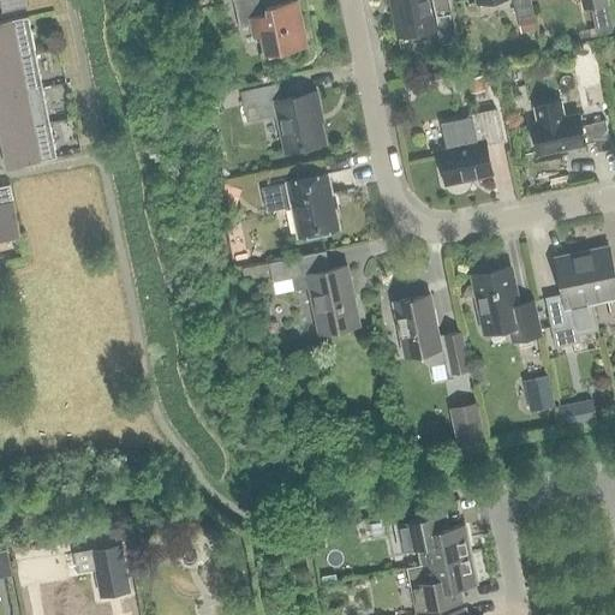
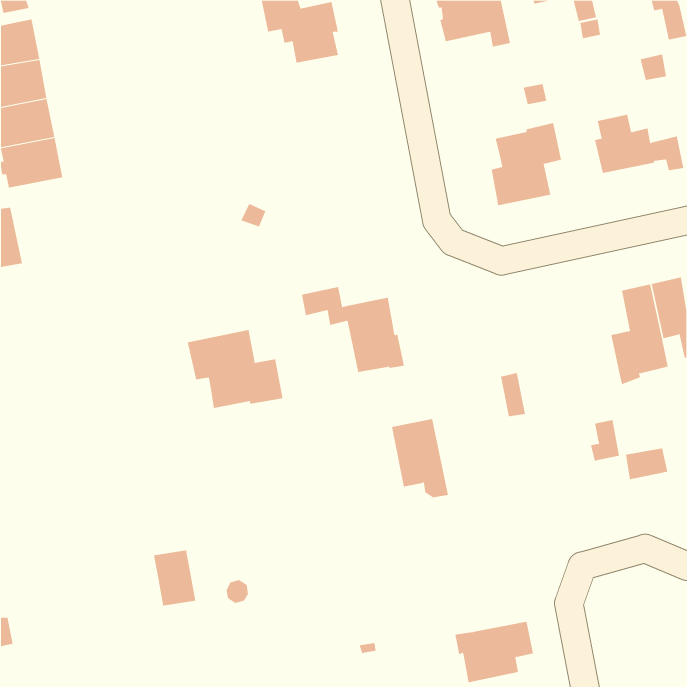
building: [240,84,324,151] -> none
building: [262,174,339,237] -> none
building: [474,268,541,340] -> none
building: none -> [187,329,283,409]
building: [393,295,444,366] -> [391,419,449,498]
building: [452,405,484,447] -> none
building: [395,515,471,565] -> none
building: [91,545,130,596] -> [153,550,196,606]

